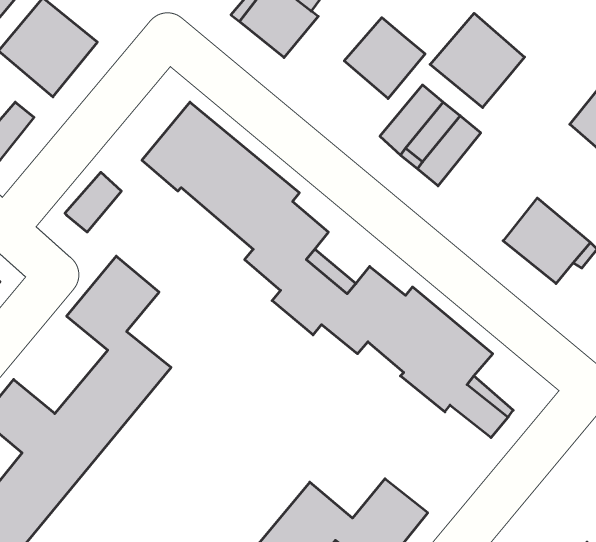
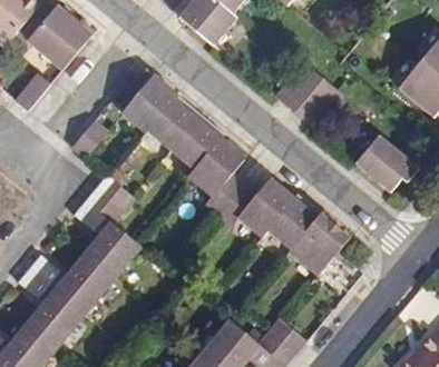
building: [430,13,525,108] -> none
building: [344,18,425,99] -> none

